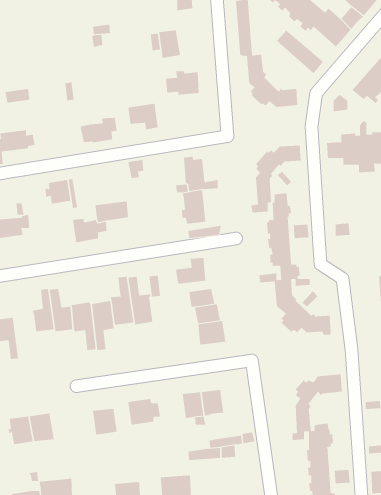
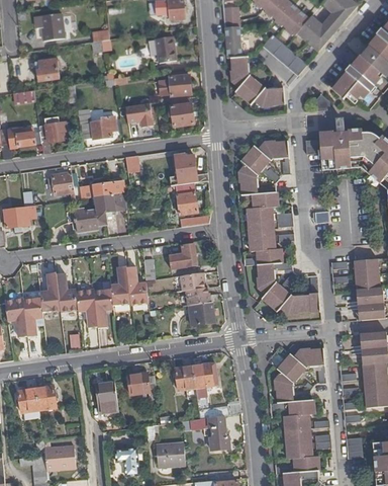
building: none -> [32,13,61,40]
building: none -> [35,58,60,80]
building: none -> [170,102,194,126]
building: none -> [39,123,68,153]
building: none -> [94,177,125,195]
building: none -> [21,297,42,336]
building: none -> [209,425,228,449]

